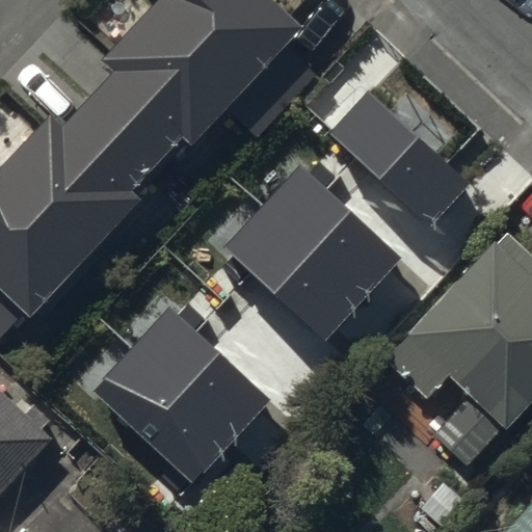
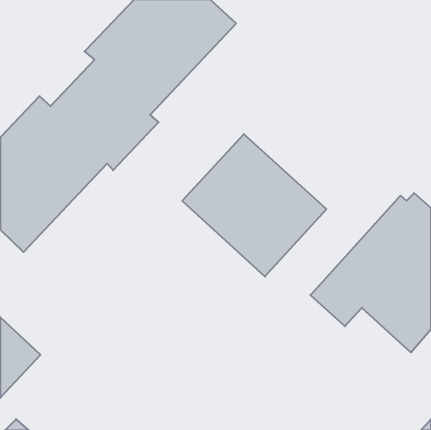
building: [330,90,470,224] -> none
building: [92,307,270,483] -> none

